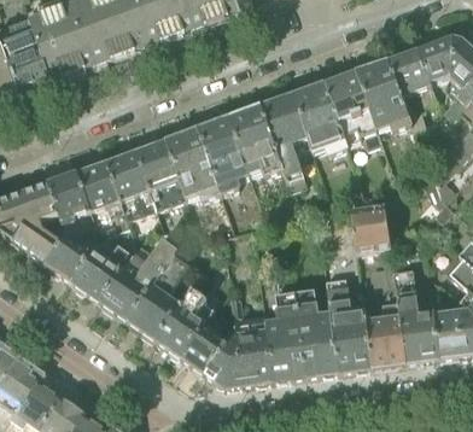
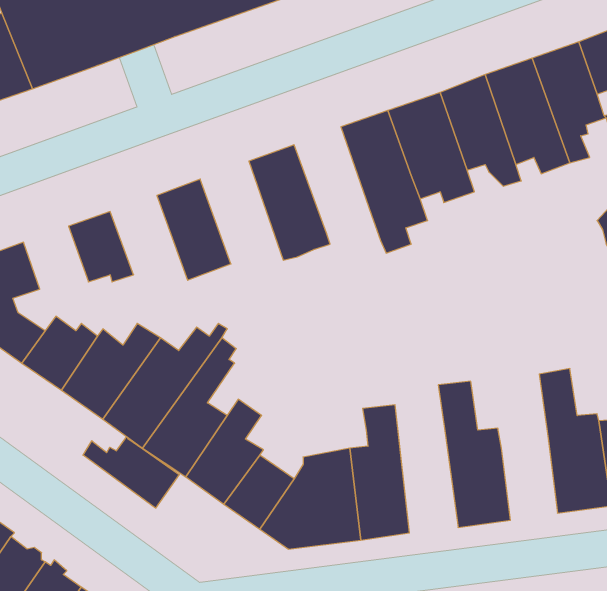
building: [228,105,280,176] -> none
building: [165,128,221,202] -> none
building: [105,151,157,218] -> none
building: [47,171,90,223] -> none
building: [350,203,404,368] -> none
building: [296,287,338,376] -> none
building: none -> [83,437,179,508]

